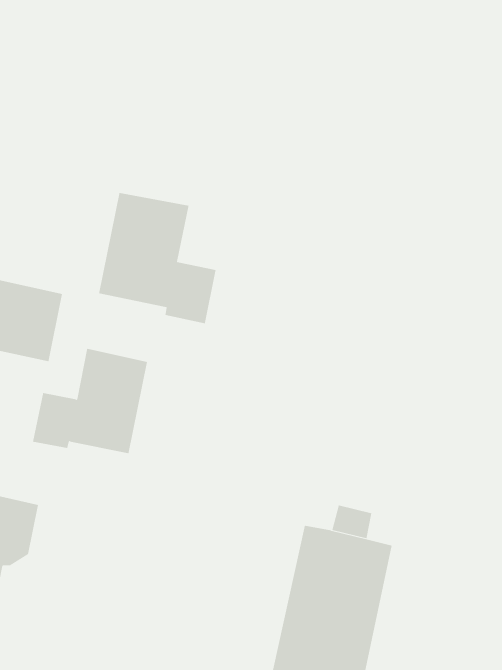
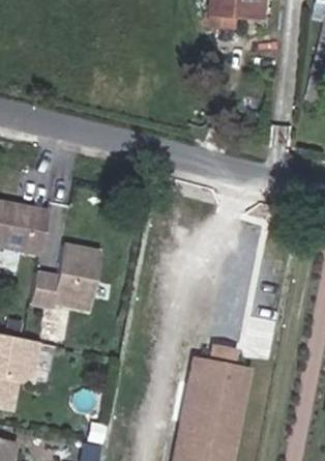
building: [98,192,216,324] -> none

